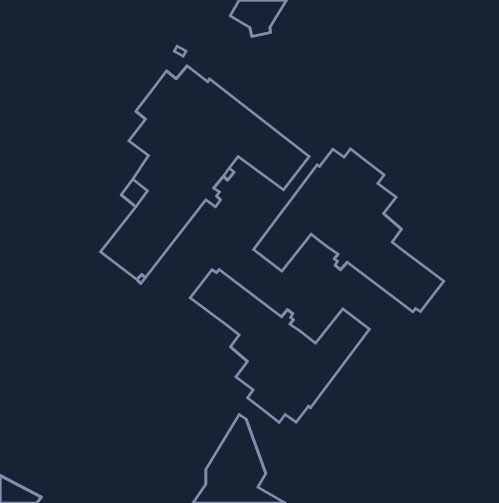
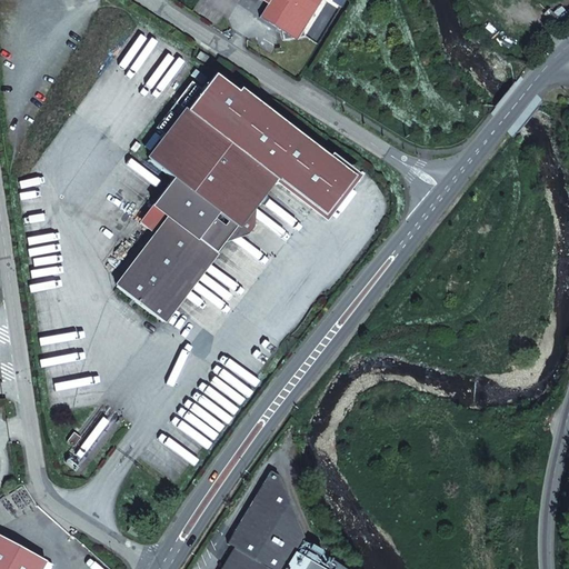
building: [254,149,444,312] -> none
building: [190,269,369,423] -> none

